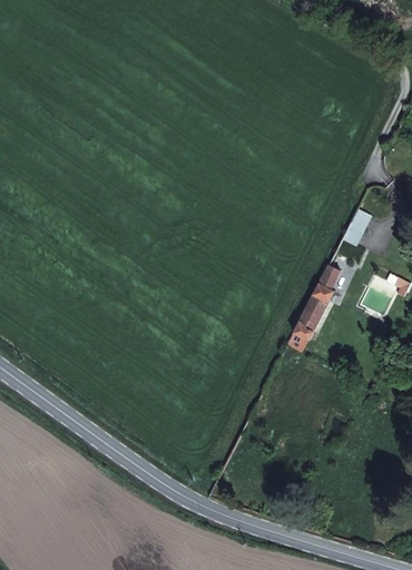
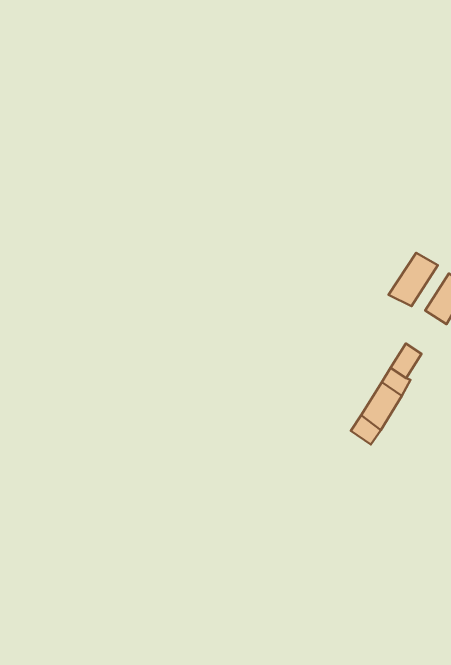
building: none -> [389,253,438,306]

